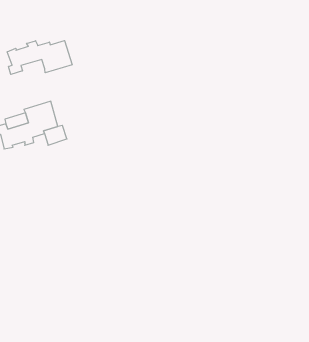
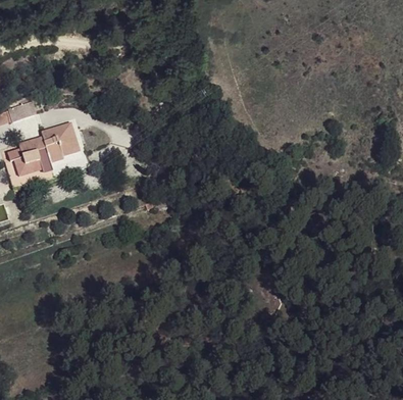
building: [7,41,72,74] -> none

